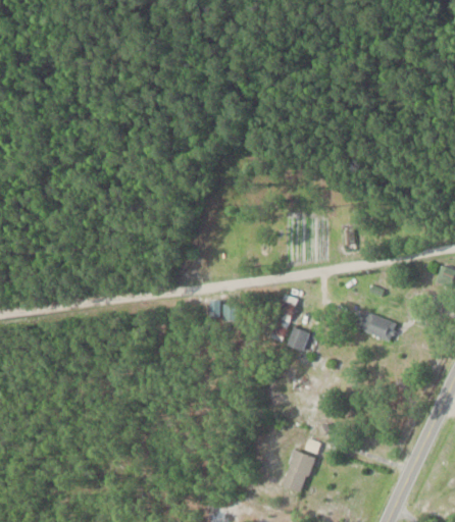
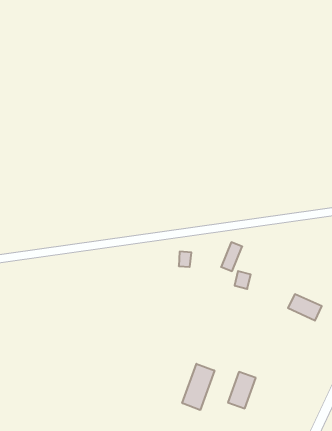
building: [357,311,398,343] -> [288,294,322,321]
building: none -> [182,364,214,410]

